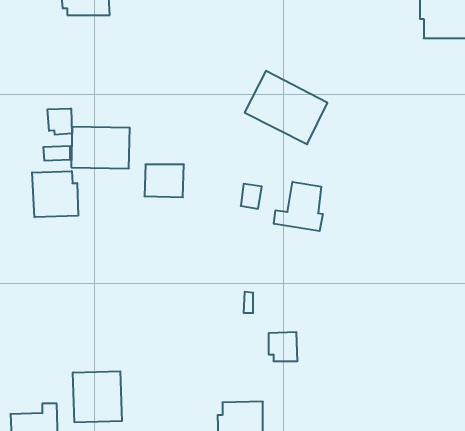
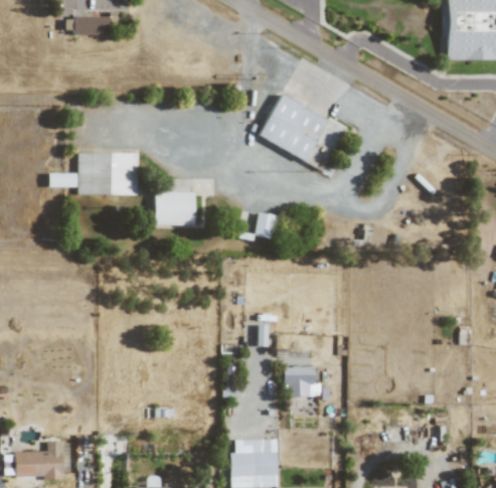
building: [48,108,72,135] -> none
building: [32,171,78,217] -> none
building: [274,182,323,231] -> none
building: [73,371,122,422] -> none

